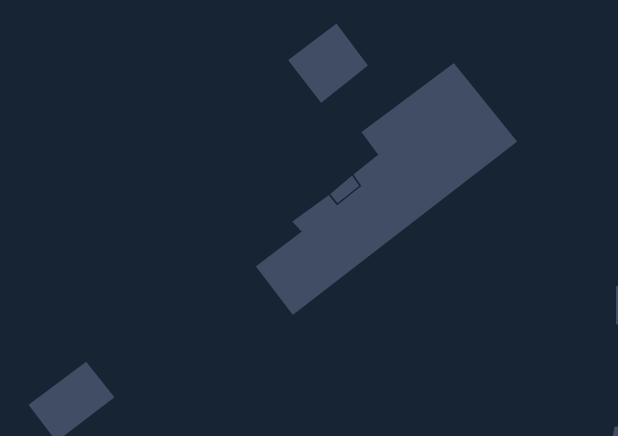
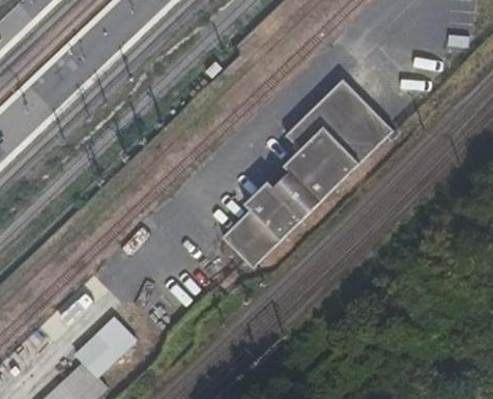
building: [287,23,369,104] -> none

